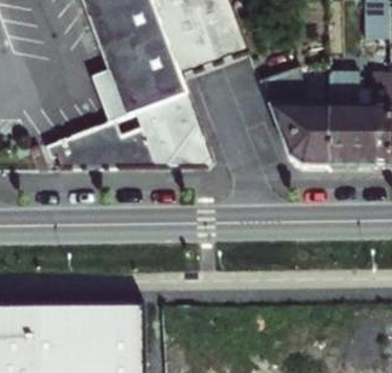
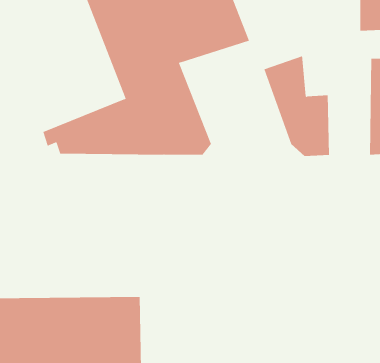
building: [328,68,369,163] -> none

